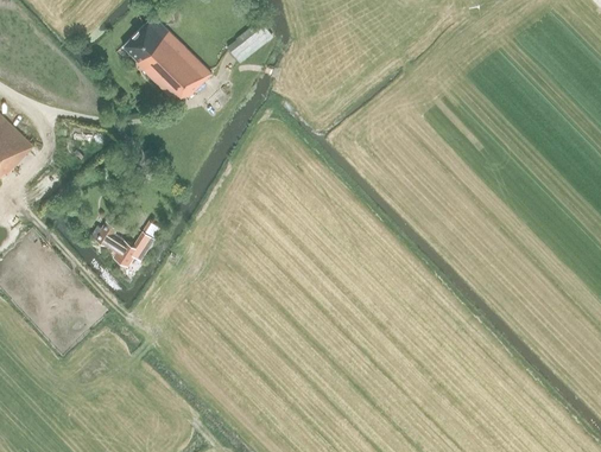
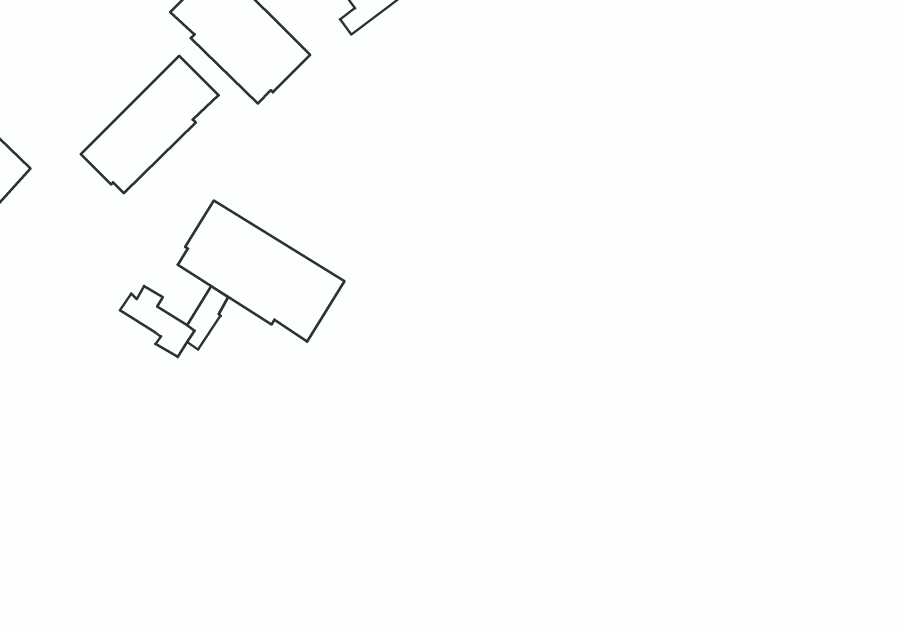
building: none -> [81,56,219,193]
building: none -> [178,201,344,342]

